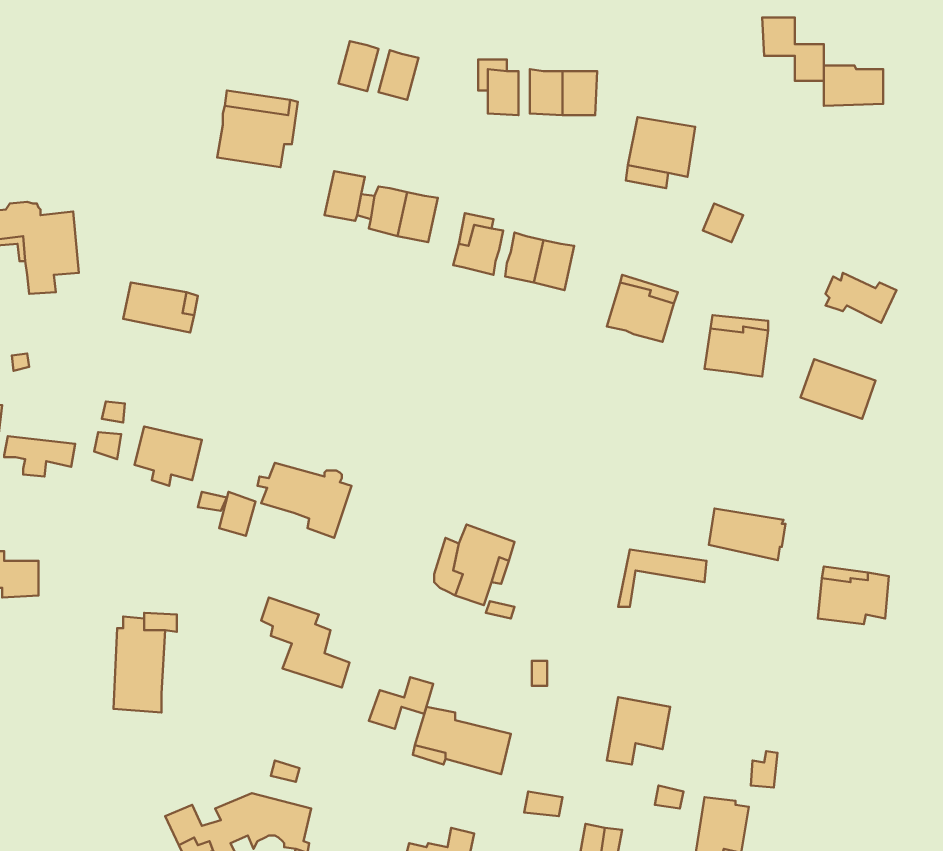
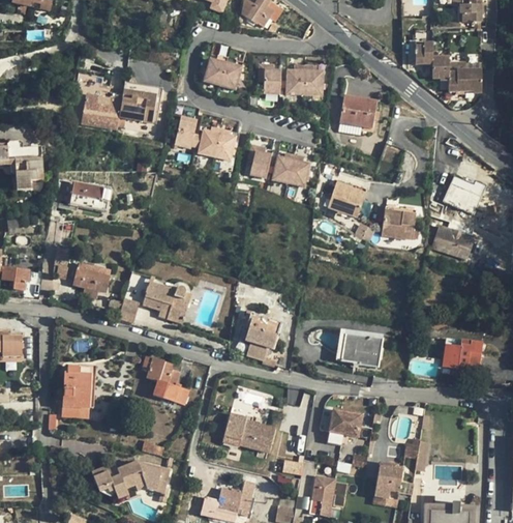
building: [338,41,379,91] -> [220,63,242,90]
building: none -> [81,93,121,128]
building: [709,508,786,560] -> [340,340,382,368]
building: [369,677,433,729] -> none

